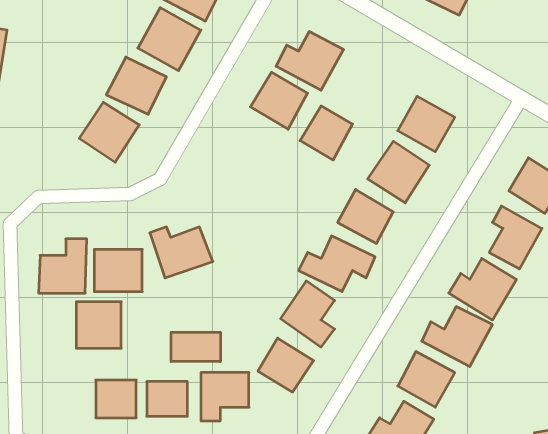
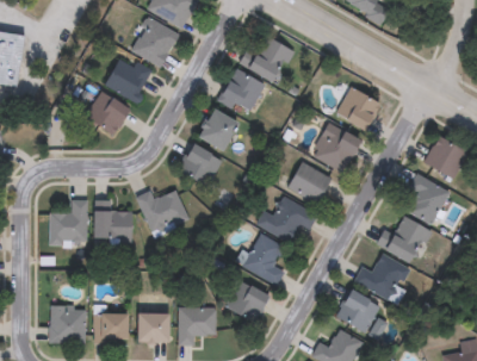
building: [300,106,353,160] -> [196,108,237,151]
building: none -> [176,144,223,187]
building: [76,302,121,348] -> [50,306,86,343]
building: [171,332,220,362] -> none

